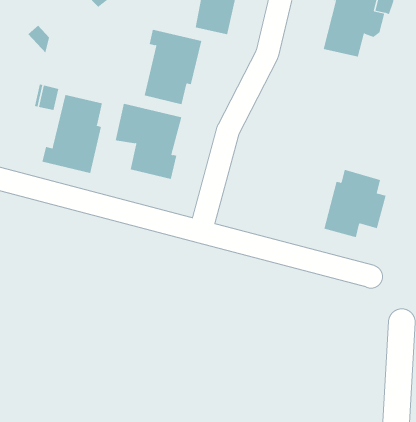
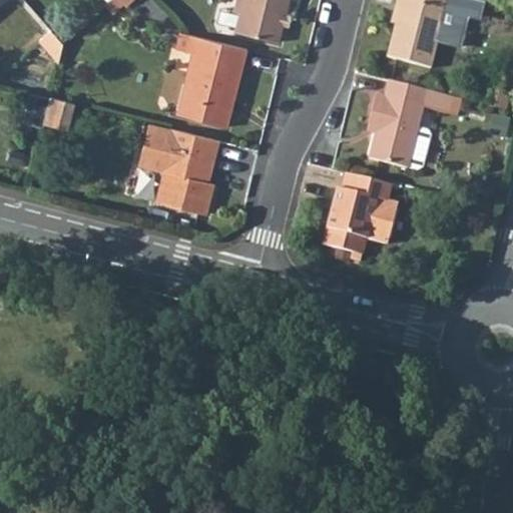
building: none -> [369,79,453,163]
building: [42,94,103,174] -> none
building: [323,169,387,238] -> [323,171,399,254]

